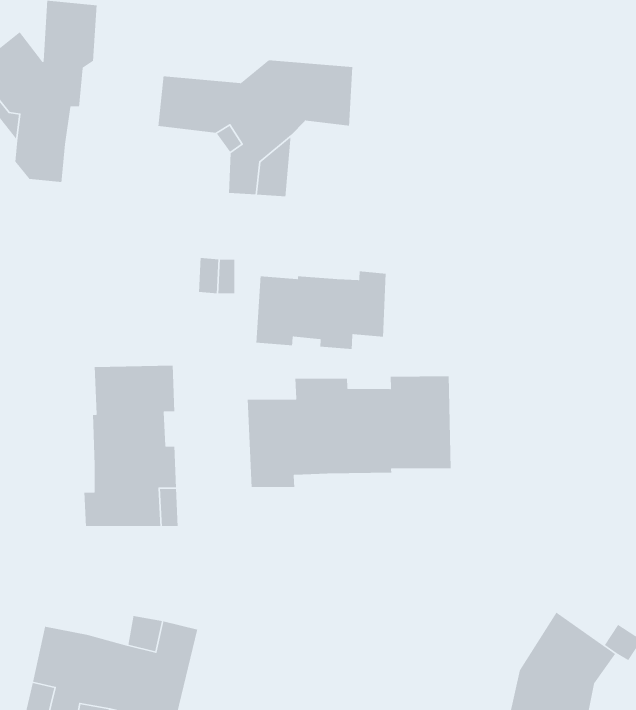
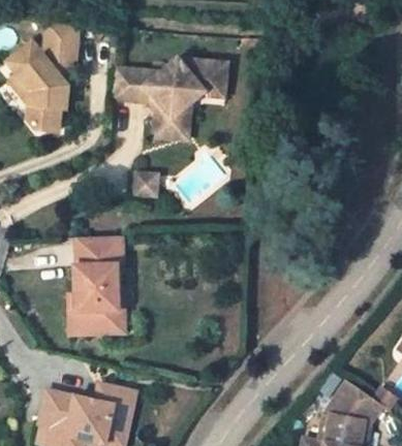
building: [256,270,387,350] -> none
building: [247,376,452,488] -> none

